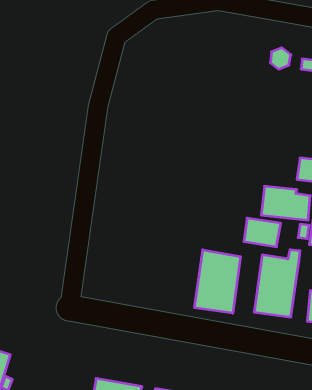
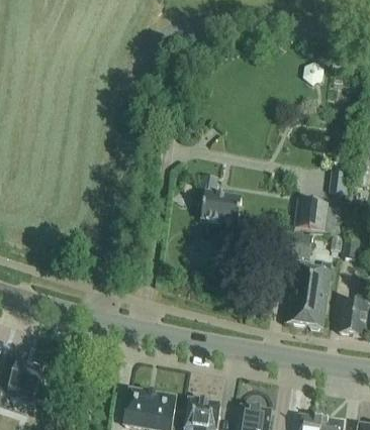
building: none -> [198,175,241,224]
building: [195,250,241,313] -> none

